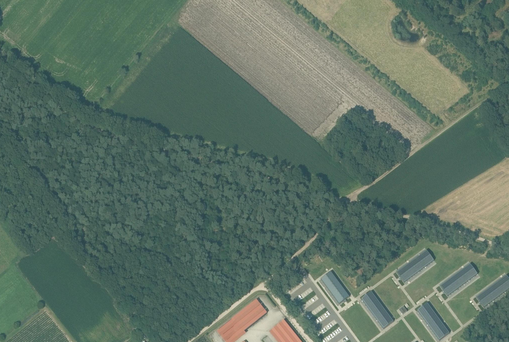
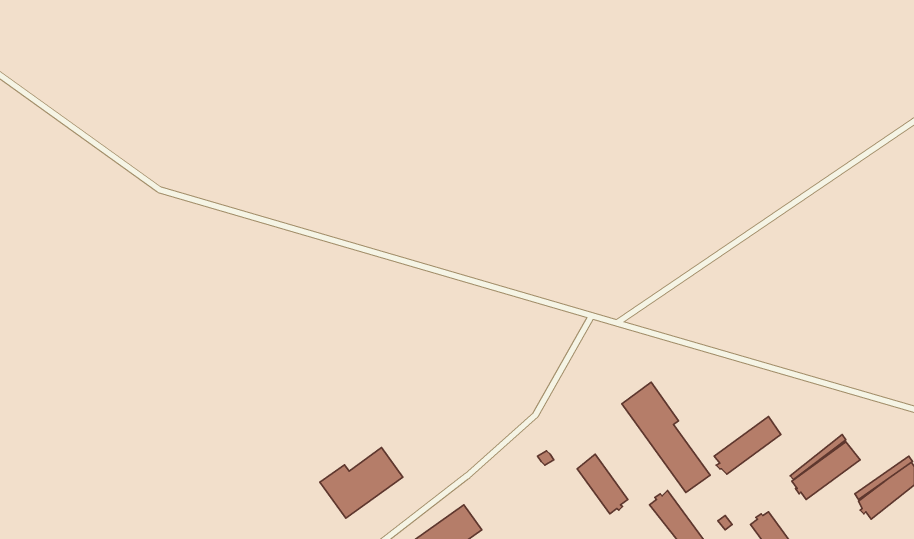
building: none -> [622,382,710,493]
building: none -> [320,448,403,518]

